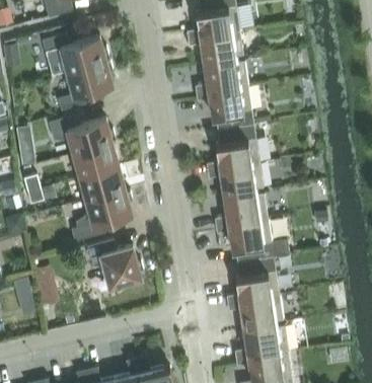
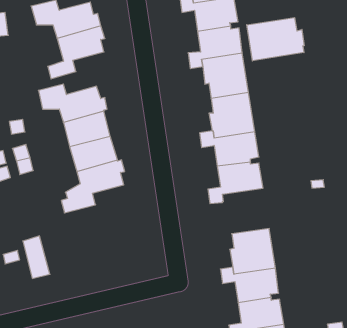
building: none -> [247,18,304,61]
building: [228,219,274,263] -> none
building: [87,240,144,289] -> none

